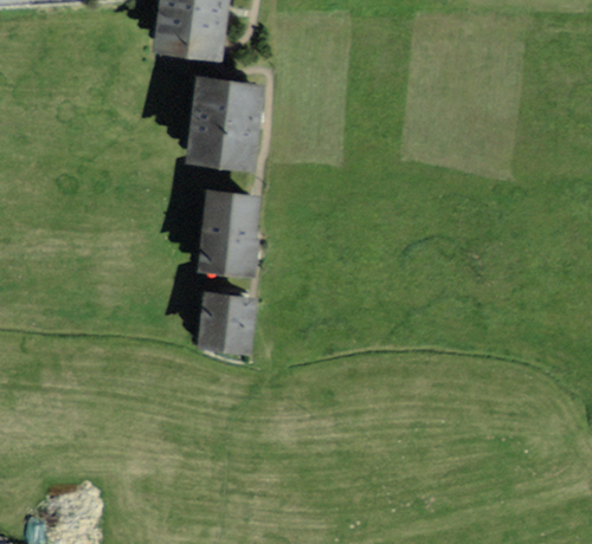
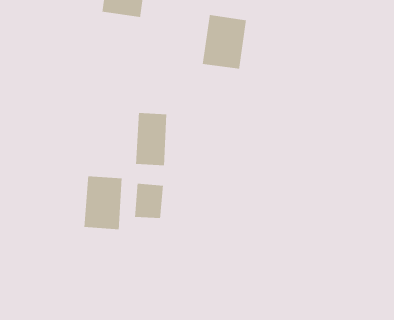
building: [192,83,258,164] -> [202,14,247,69]
building: none -> [83,175,123,230]

